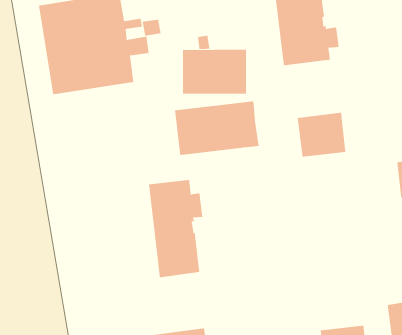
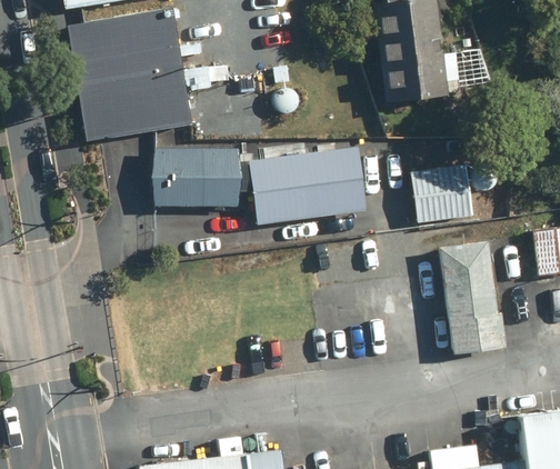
building: [182,49,247,94] -> [154,148,239,207]
building: none -> [440,241,507,356]
building: [149,179,203,278] -> none

